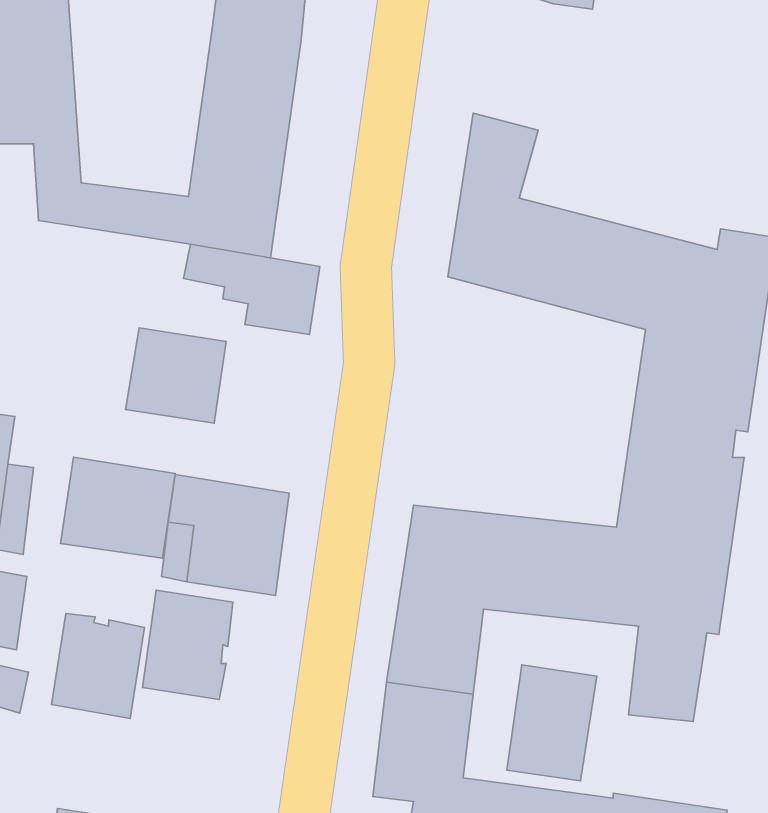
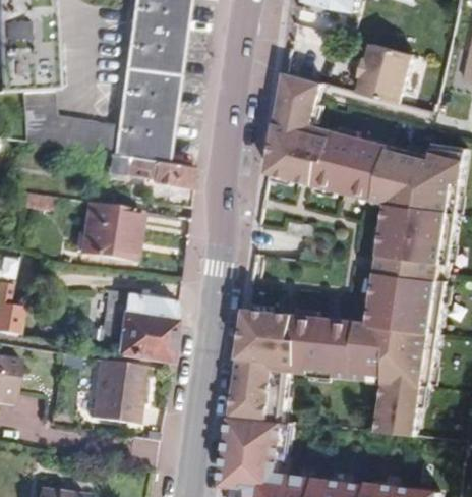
building: none -> [357,44,423,108]
building: [60,457,175,558] -> none
building: [52,614,144,719] -> none
building: [507,665,597,781] -> none

